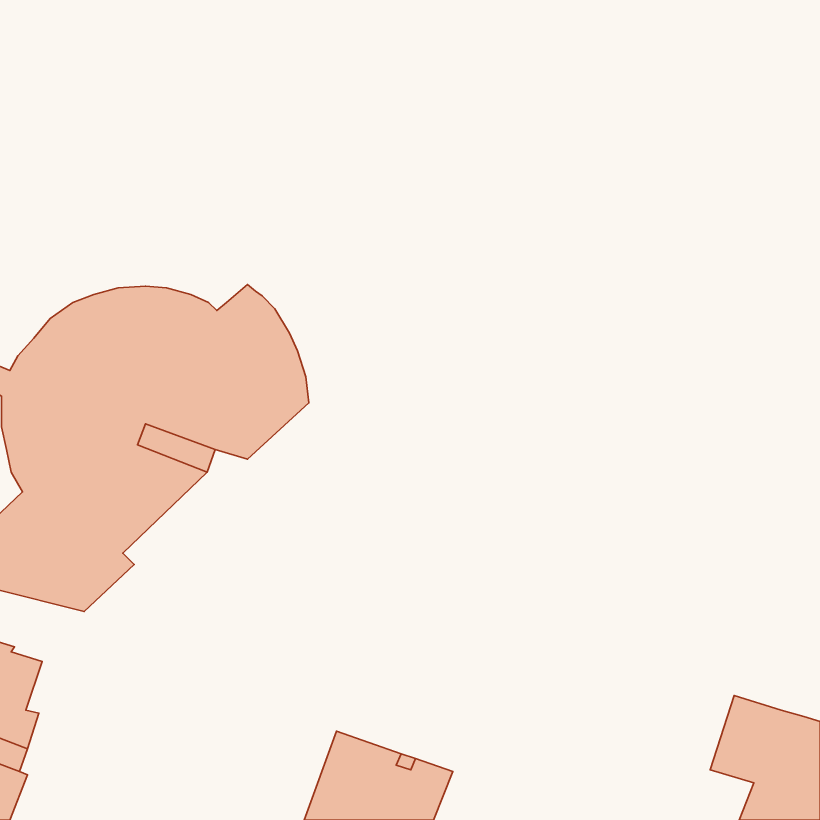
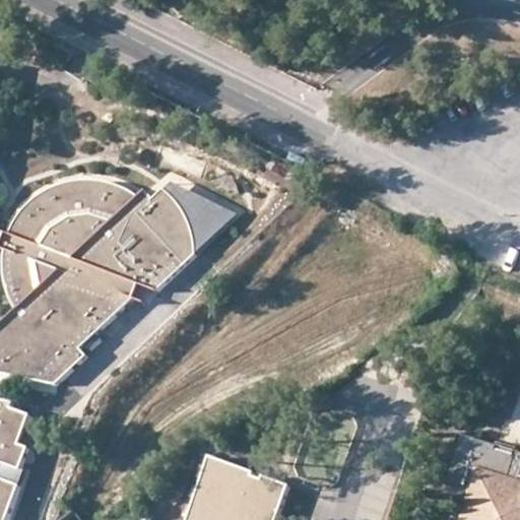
building: none -> [165,180,236,253]

